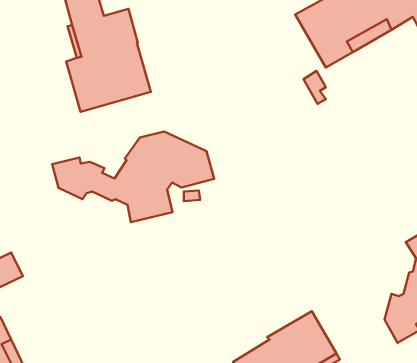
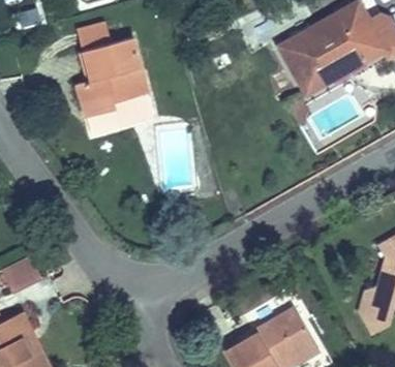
building: [52,132,214,222] -> none

